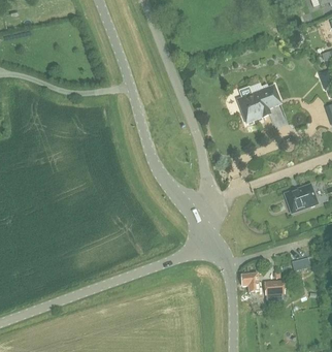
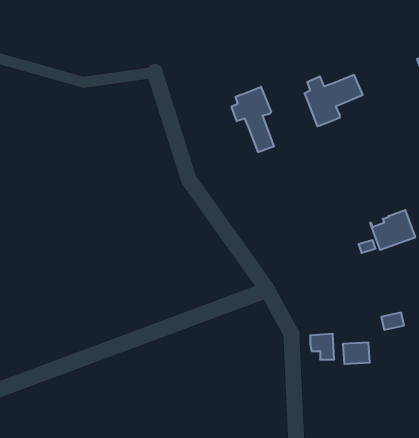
building: none -> [232,87,274,152]

